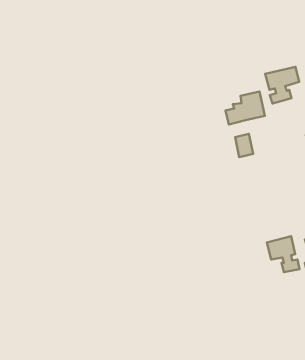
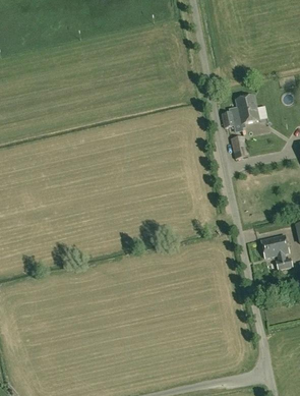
building: [265,67,299,104] -> none

